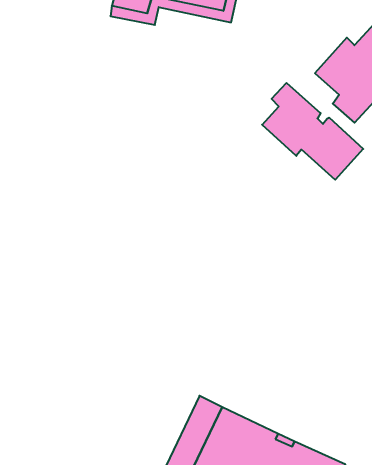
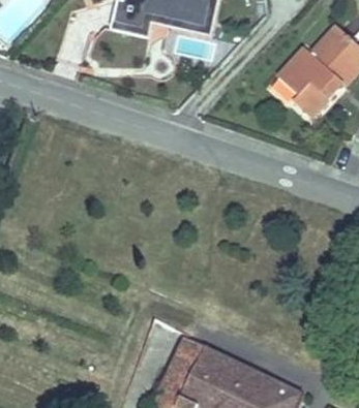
building: [262,83,363,180] -> none

